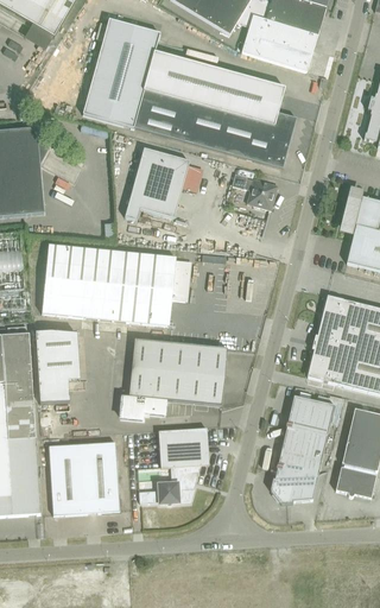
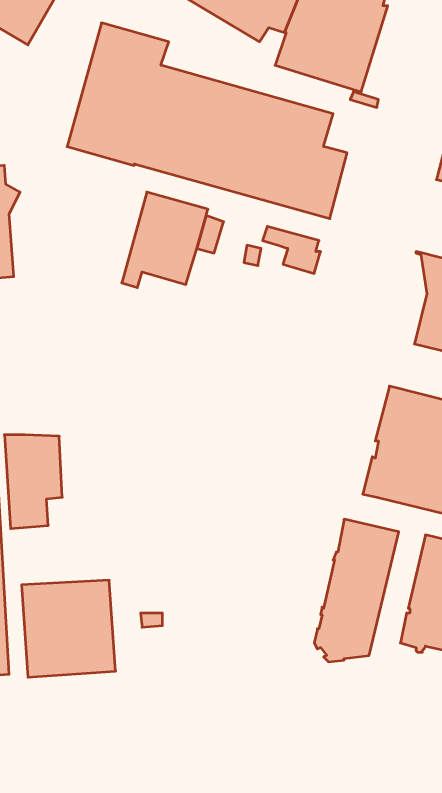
building: [42,243,189,324] -> none
building: [119,337,227,419] -> none
building: [139,426,208,502] -> none

